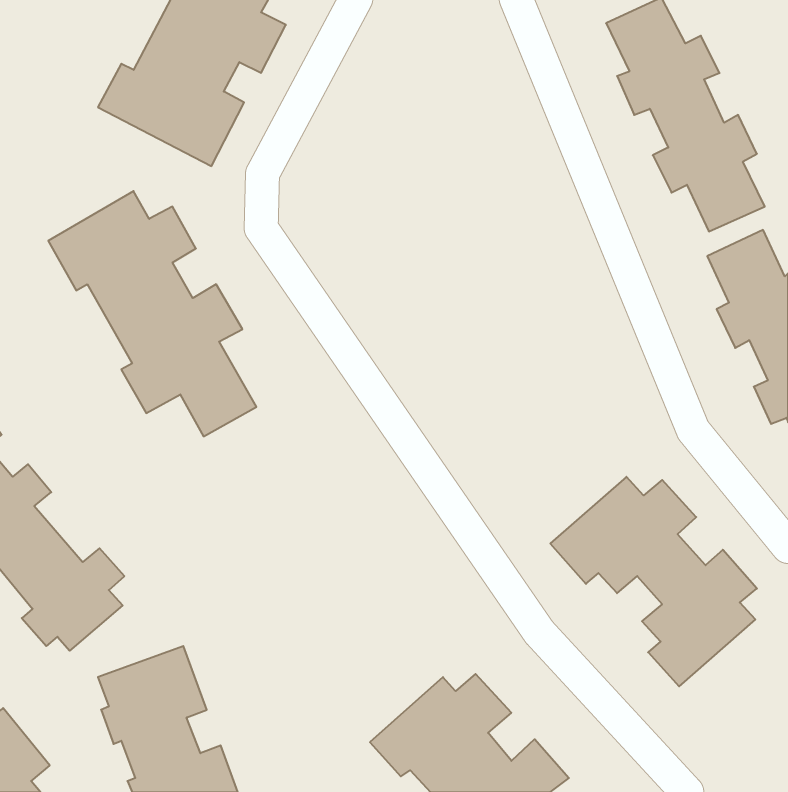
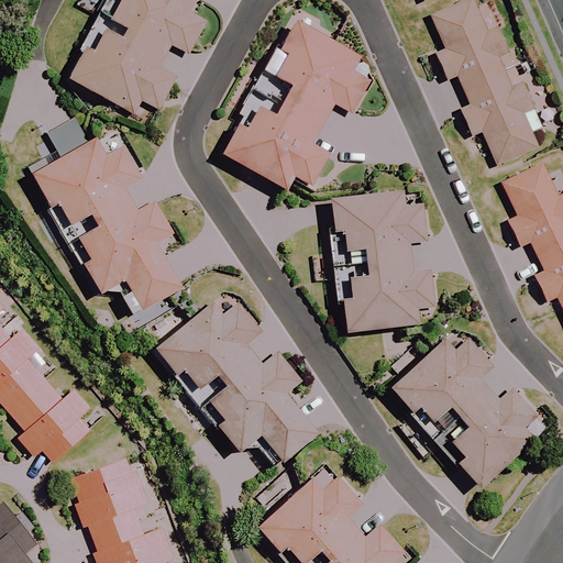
building: none -> [225,20,368,187]
building: none -> [332,189,432,332]
building: none -> [158,301,319,457]

